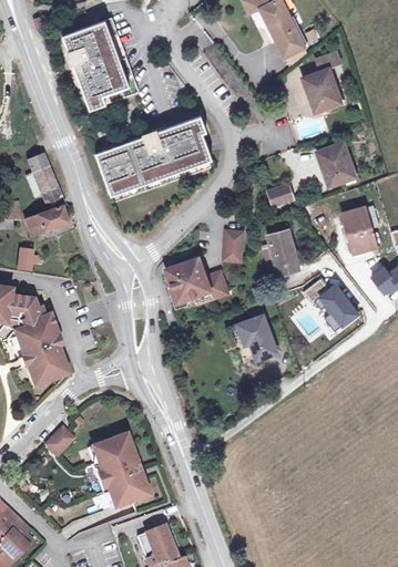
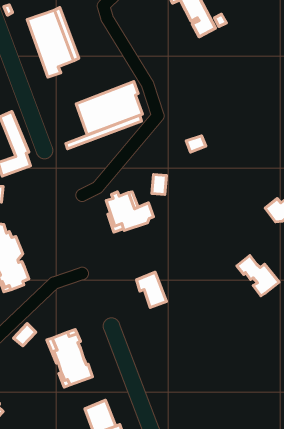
building: [303,51,341,111] -> none
building: [317,142,354,184] -> none
building: [98,143,141,194] -> none
building: [341,206,376,250] -> none
building: [267,228,299,274] -> none
building: [304,278,358,330] -> [237,255,279,296]
building: [238,313,277,359] -> [136,272,166,308]

